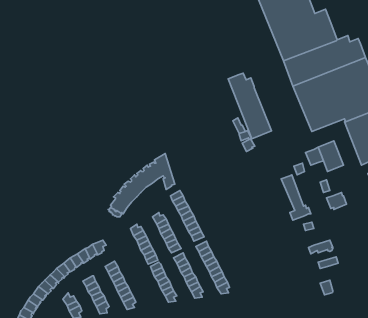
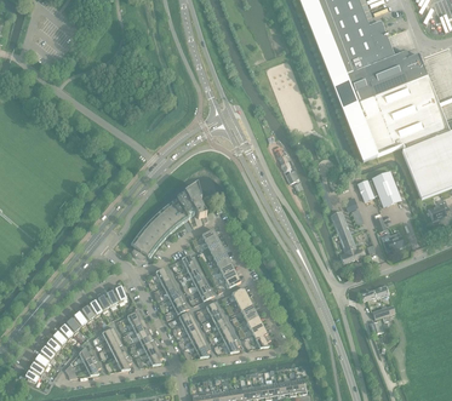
building: [228,73,271,139] -> none

